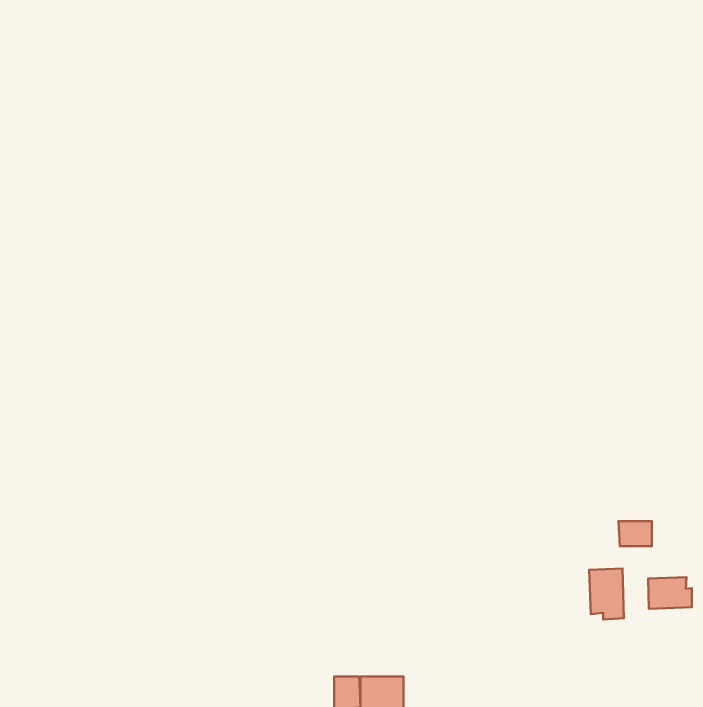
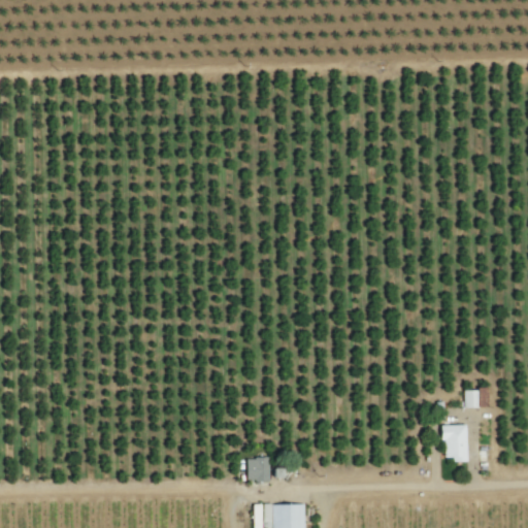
building: [648,577,692,609] -> none
building: none -> [248,458,270,482]

